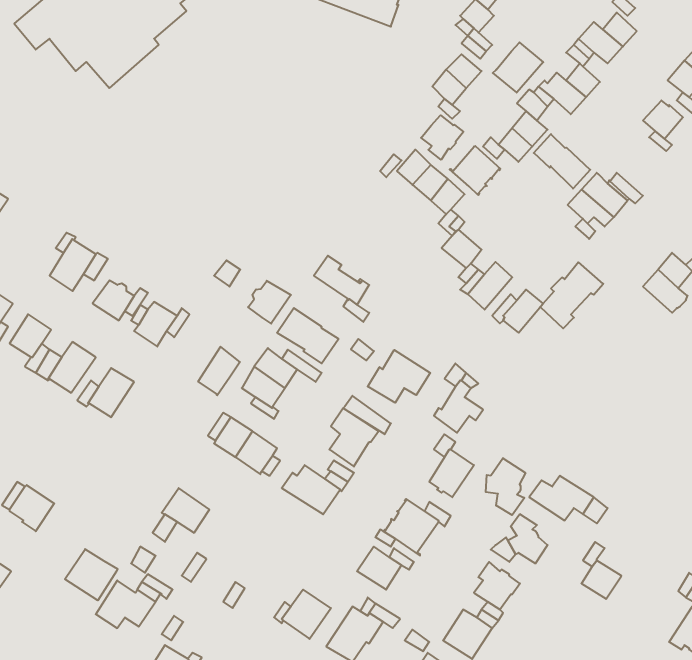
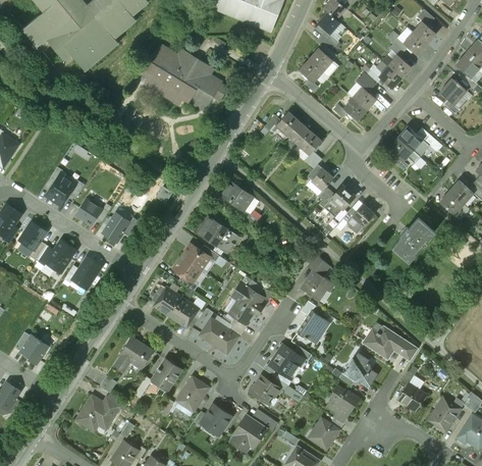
building: [493,42,543,93] -> none
building: none -> [144,45,228,104]
building: [421,115,463,160] -> none
building: [534,134,590,189] -> none
building: [450,146,500,195] -> none
building: [540,262,603,328] -> [392,218,434,262]
building: [248,281,291,324] -> none
building: [198,347,240,395] -> none
building: [368,350,430,403] -> none
building: [486,458,525,515] -> none
building: none -> [151,359,181,391]
building: none -> [176,376,209,411]
building: [65,549,118,600] -> none
building: none -> [427,397,461,431]

